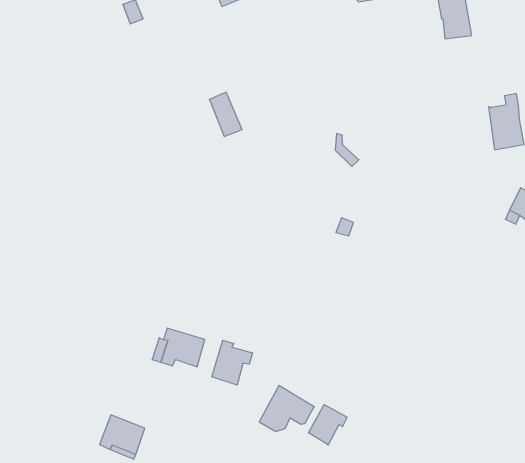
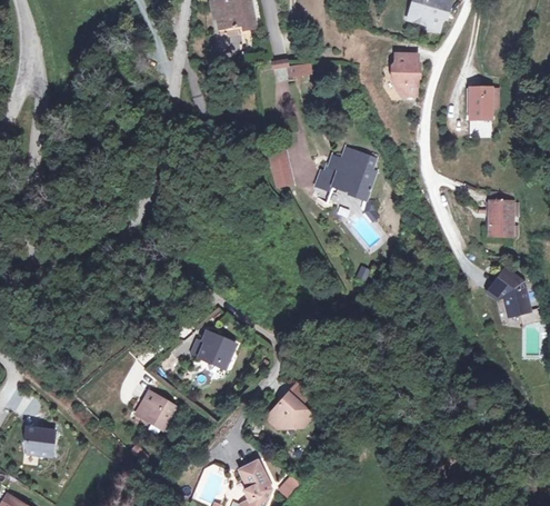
building: none -> [318,147,377,196]
building: [212,340,252,385] -> none
building: [308,404,347,445] -> none

